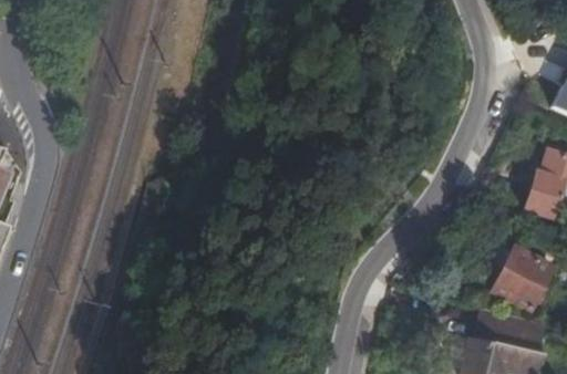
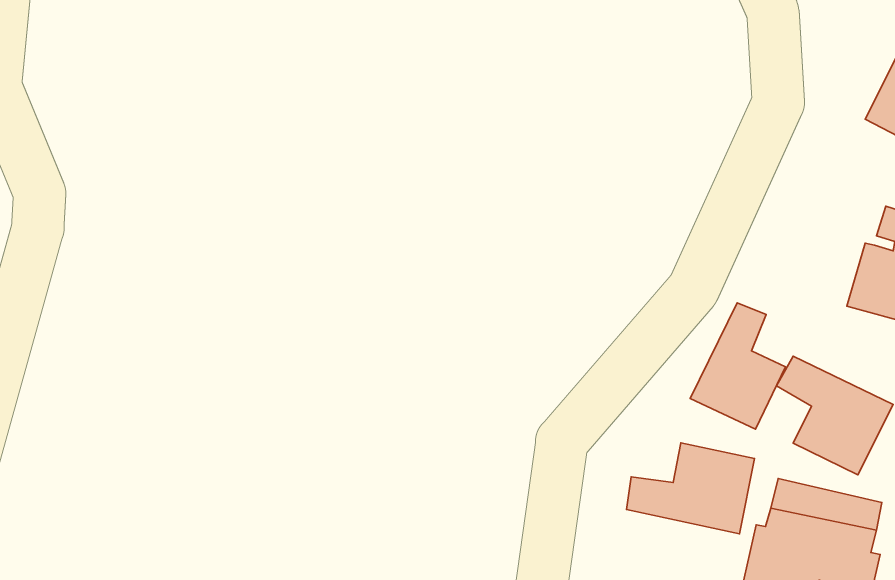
building: none -> [690,303,786,429]
building: none -> [626,443,754,534]

